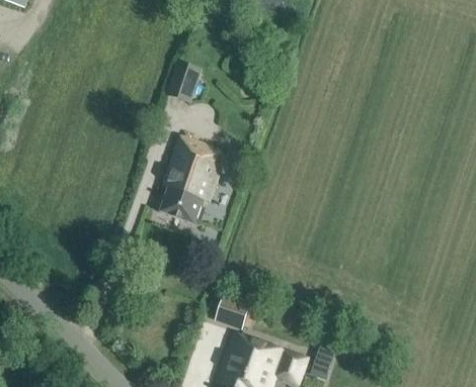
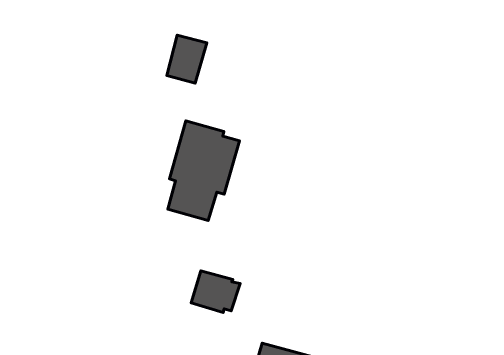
building: [215,292,258,329] -> [191,271,240,313]

